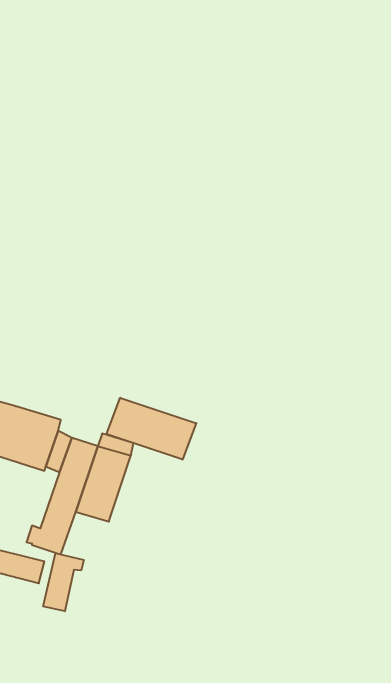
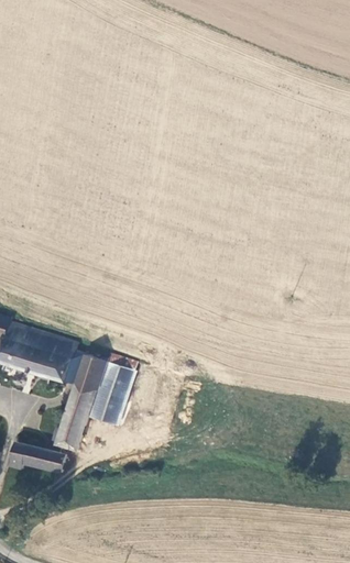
building: [106,398,196,460] -> none
building: [43,553,84,611] -> none

